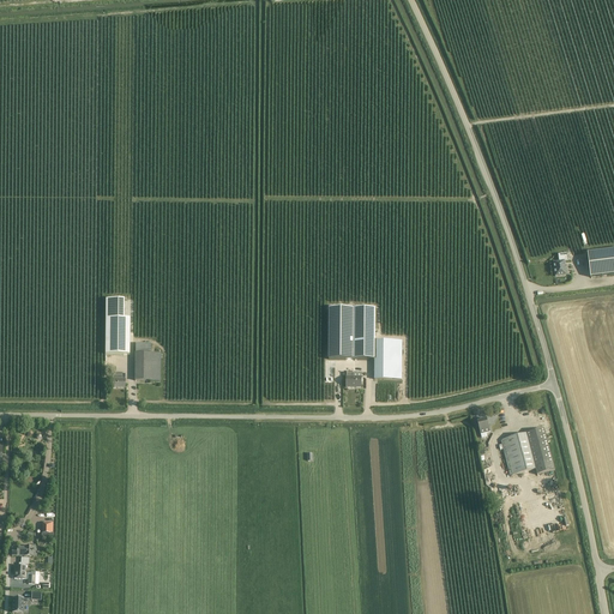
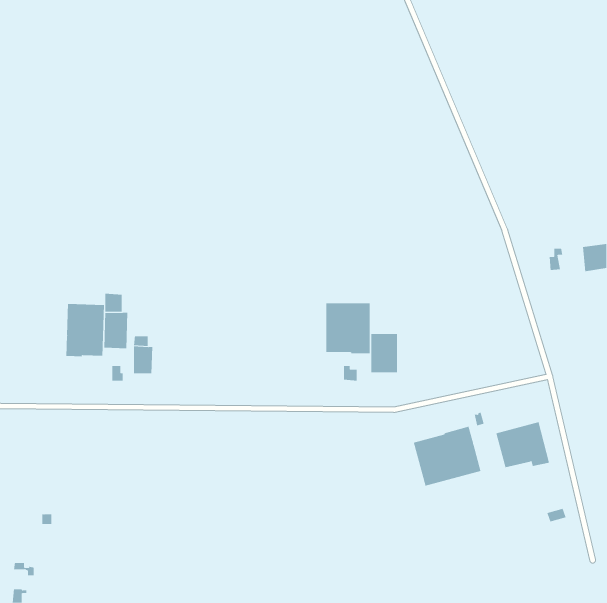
building: none -> [66,303,105,357]
building: none -> [413,426,481,487]

